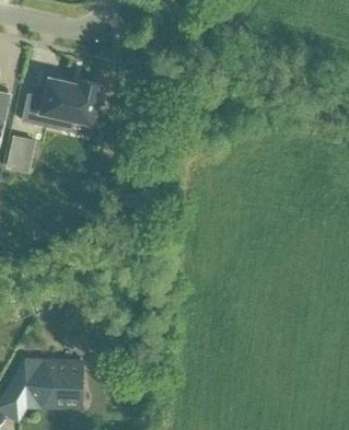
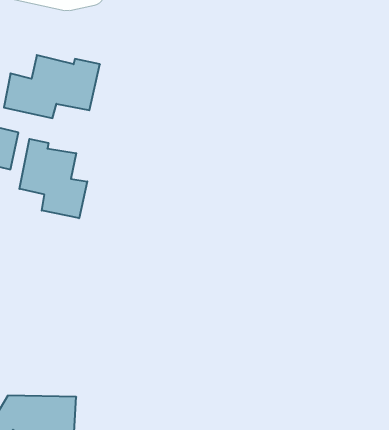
building: none -> [19,139,87,218]

